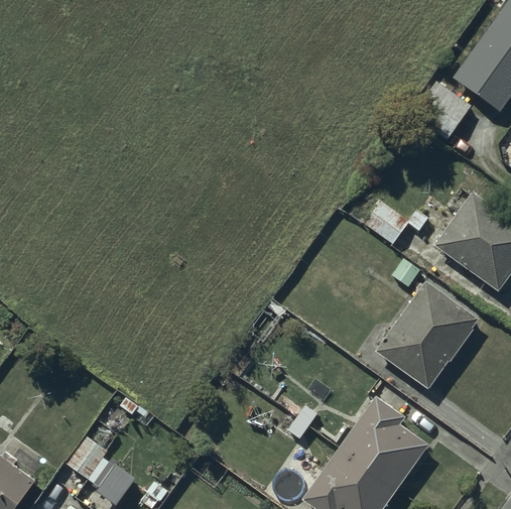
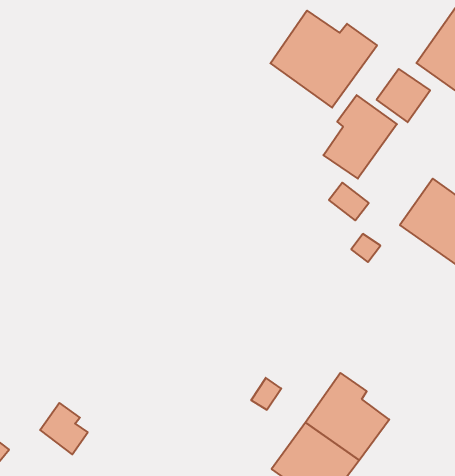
building: none -> [270,11,377,108]
building: none -> [323,95,397,179]
building: [380,284,478,387] -> none

